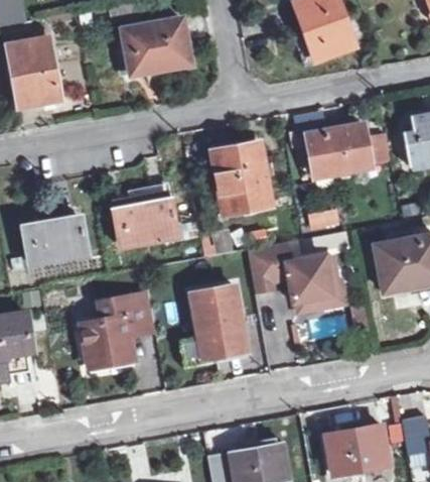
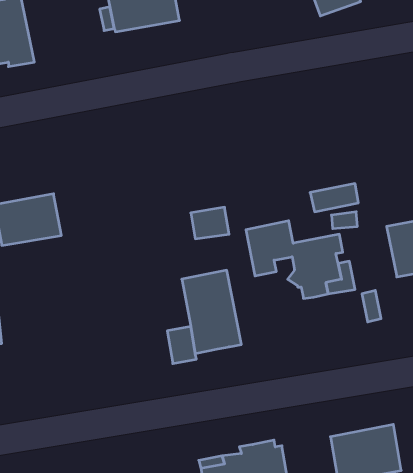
building: [309,124,372,177] -> none
building: [212,143,271,213] -> none
building: [117,190,176,250] -> none
building: [83,293,153,365] -> none

